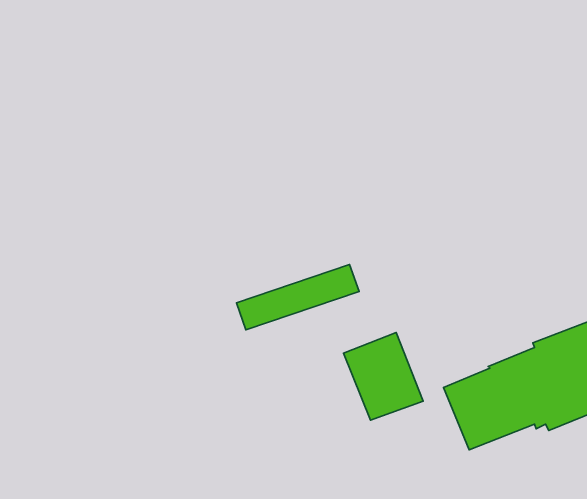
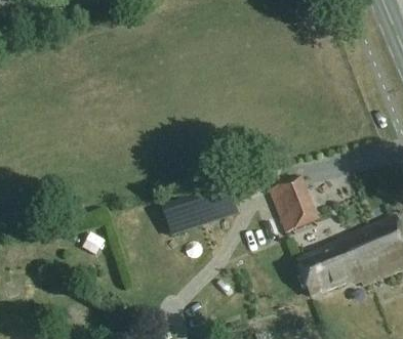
building: [344,332,423,420] -> [269,178,320,235]

